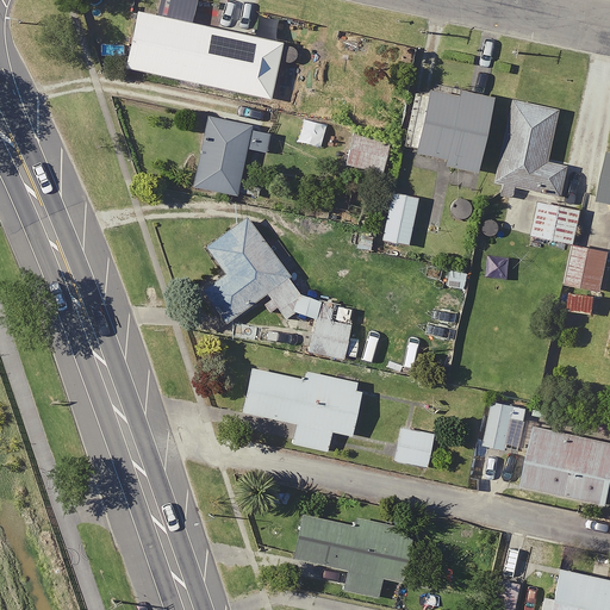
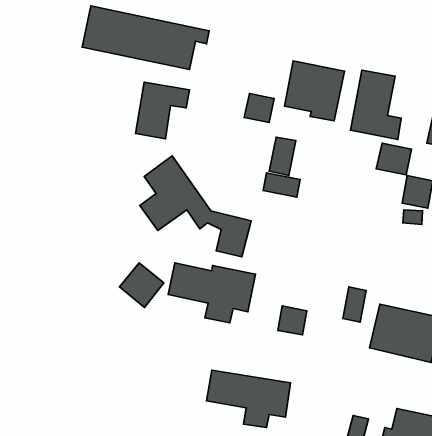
building: none -> [263,173,300,197]
building: none -> [119,263,164,308]

